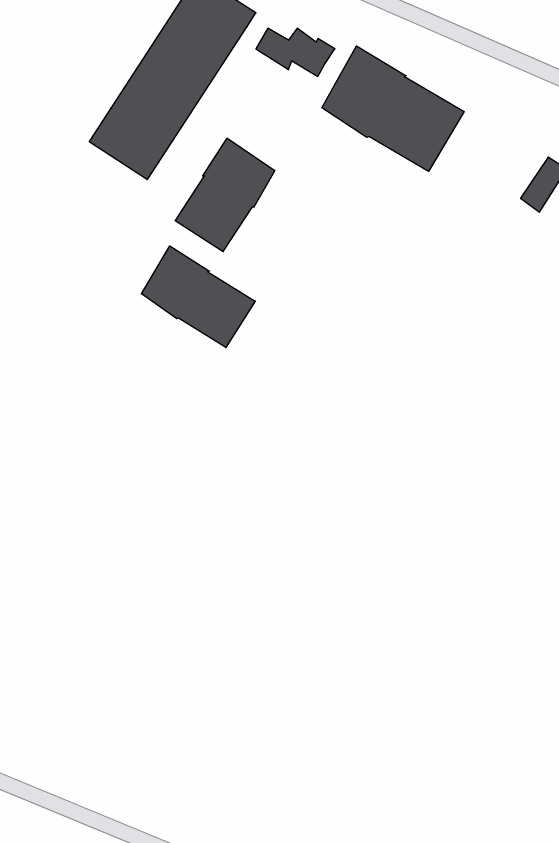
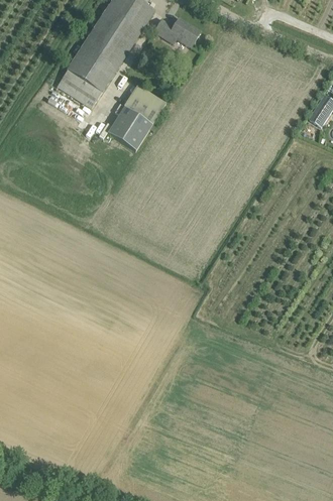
building: [322,46,464,171] -> none
building: [141,246,255,348] -> none

